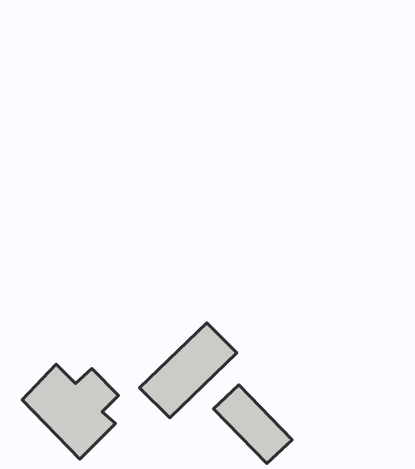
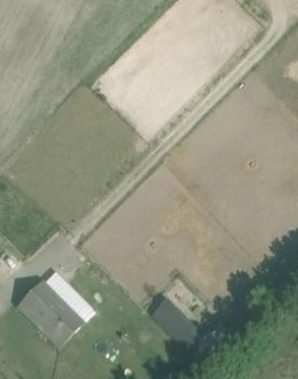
building: [140,323,237,418] -> none

